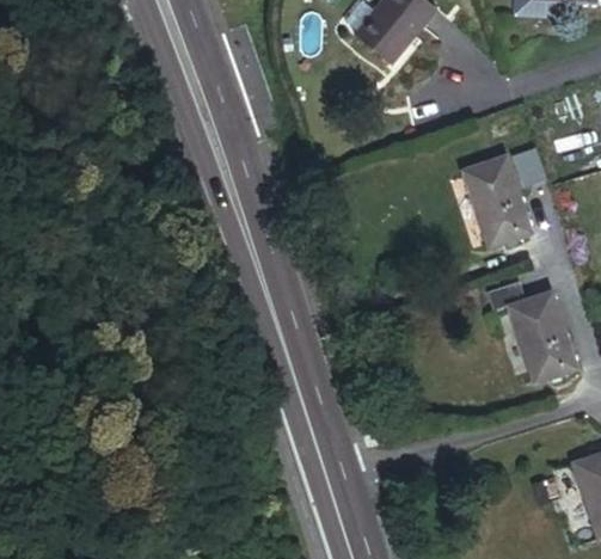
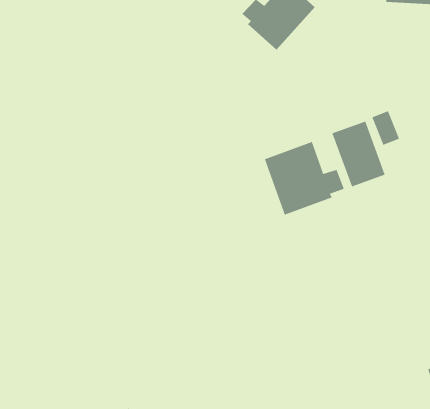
building: none -> [264,141,345,216]
building: [486,280,578,376] -> none

